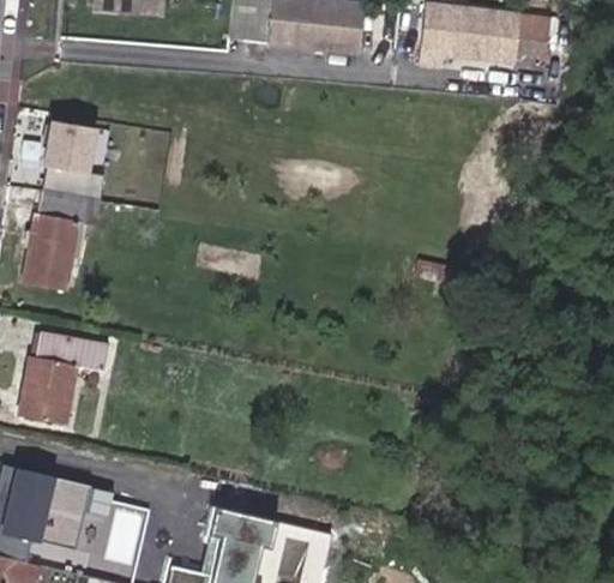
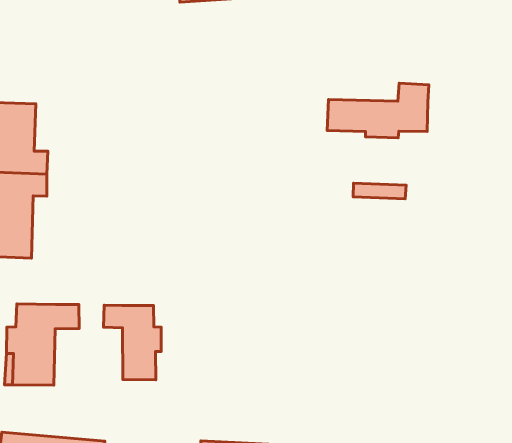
building: none -> [327,83,429,138]
building: none -> [103,305,161,380]

